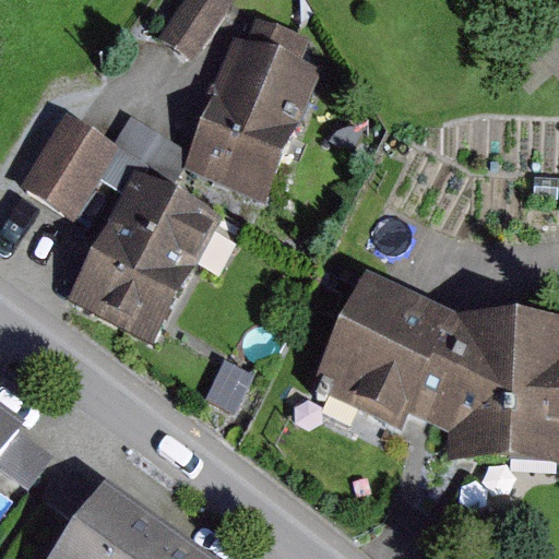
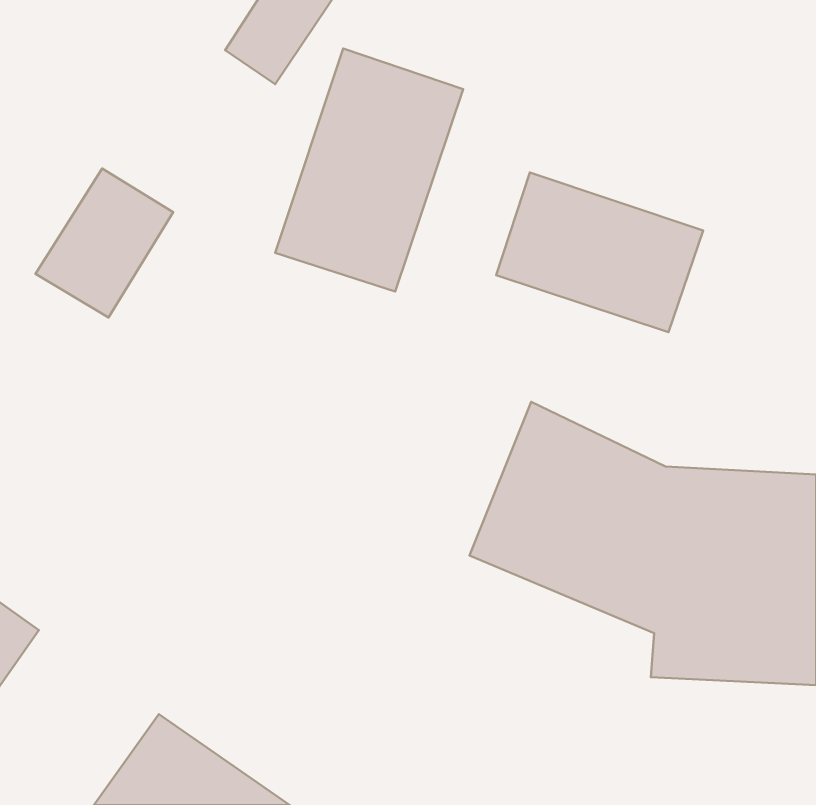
building: none -> [496,173,703,332]
building: [79,175,215,332] -> none

